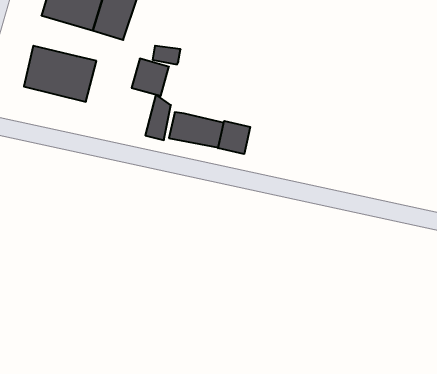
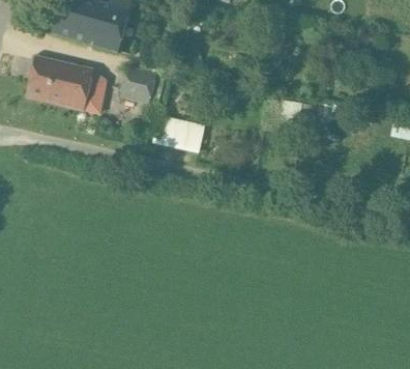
building: [145,95,171,140] -> [83,73,106,113]
building: [218,121,250,154] -> none

